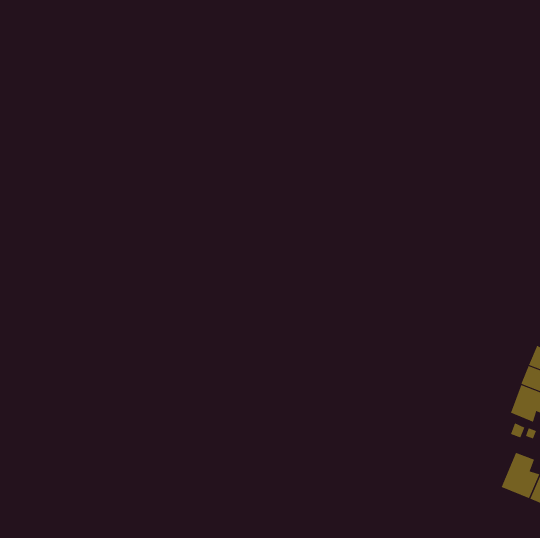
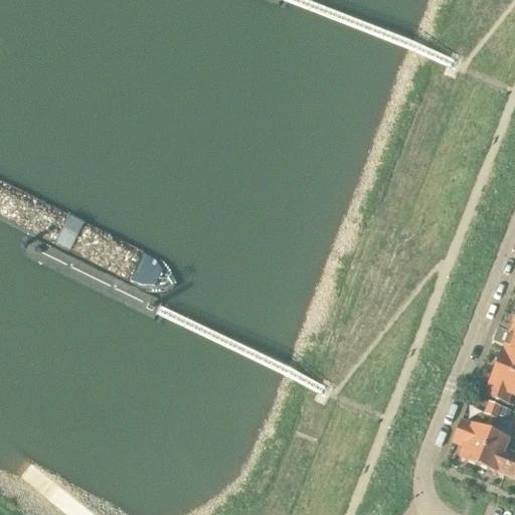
building: none -> [454,416,491,462]

